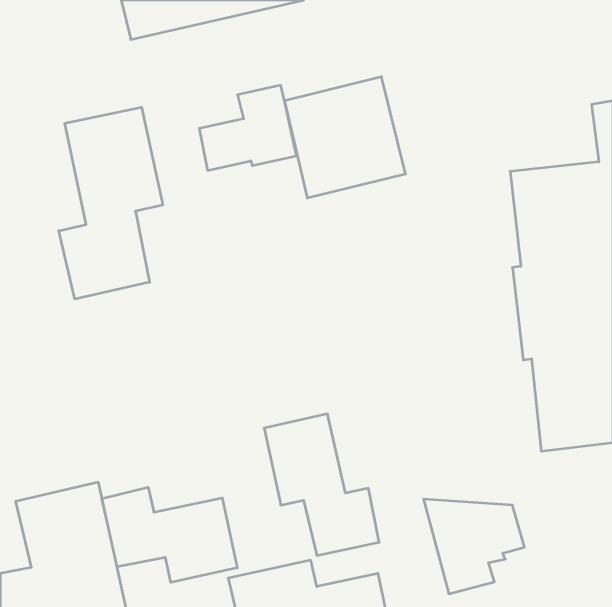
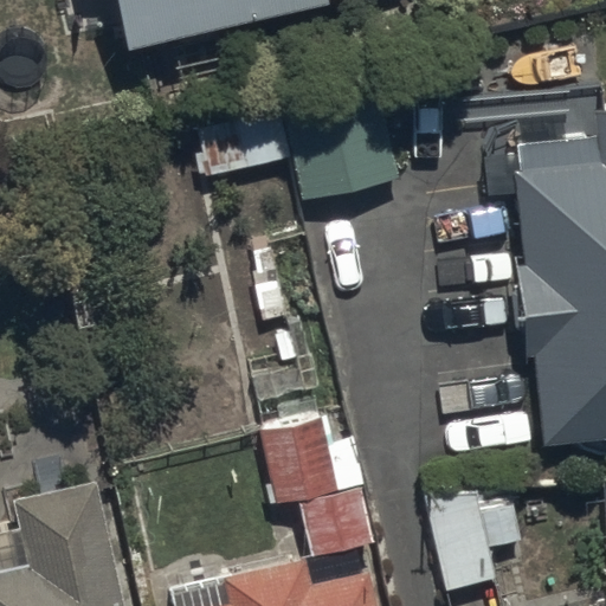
building: [59,107,163,299] -> none
building: [102,487,237,582] -> none

